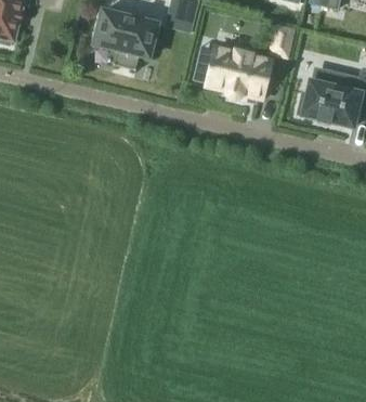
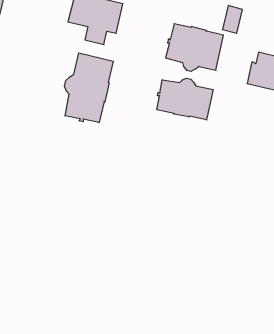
building: none -> [64,53,113,123]
building: none -> [157,78,213,120]

